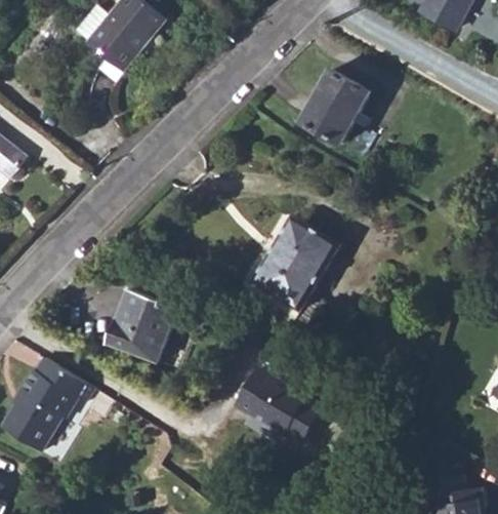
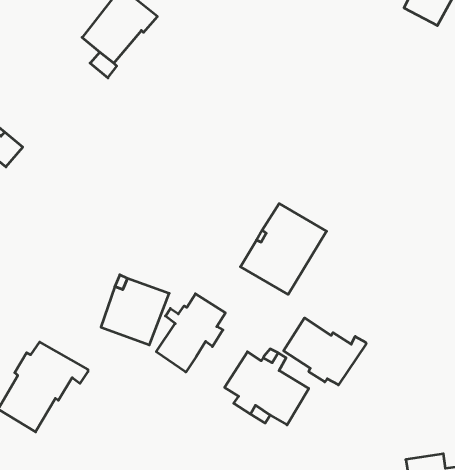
building: [300,69,371,147] -> none
building: none -> [156,294,225,372]
building: none -> [284,318,366,385]

